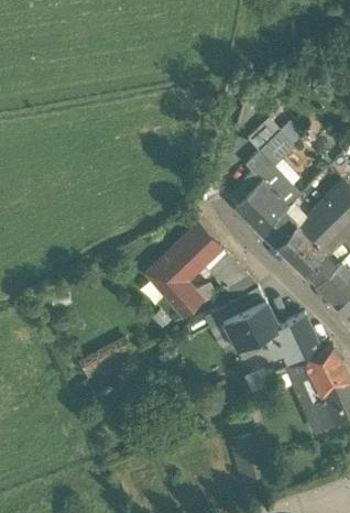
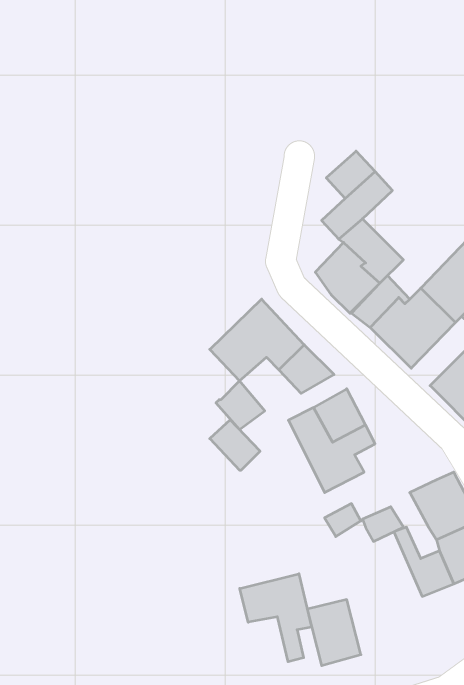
building: [149,260,184,295] -> [210,420,260,470]
building: [264,314,321,365] -> none
building: none -> [240,574,312,662]

